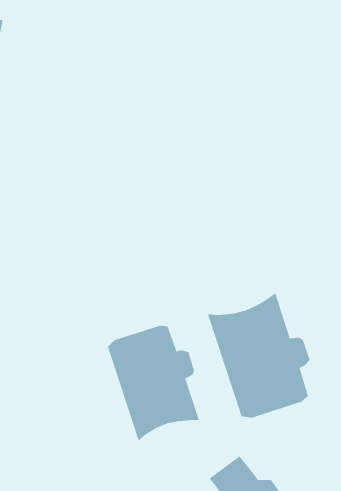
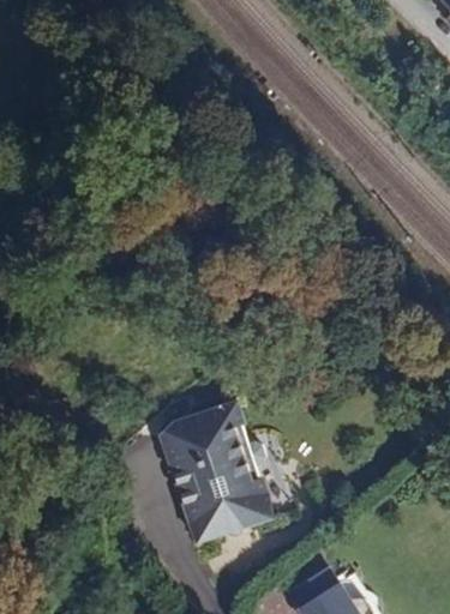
building: [207,292,310,418] -> none

